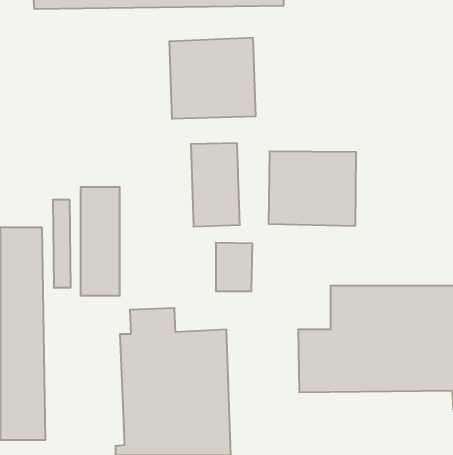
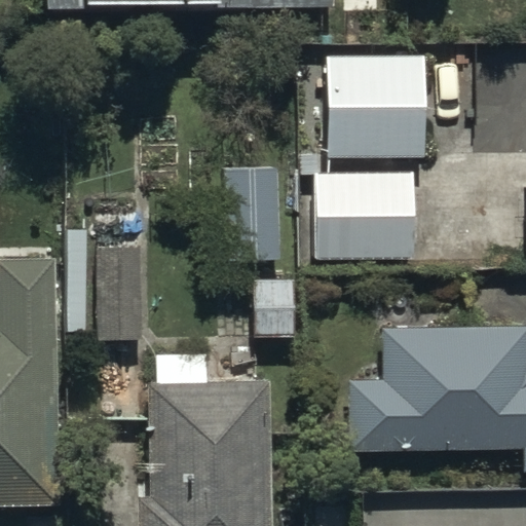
building: [170,38,255,119] -> none
building: none -> [326,54,426,156]

